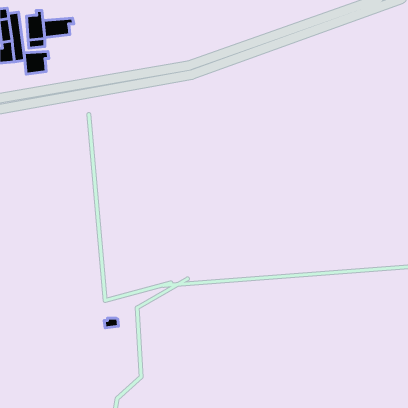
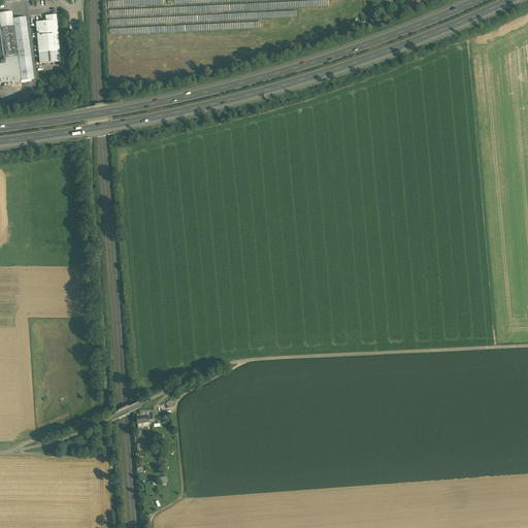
building: [43,18,74,37] -> none
building: [24,51,49,74] -> none

